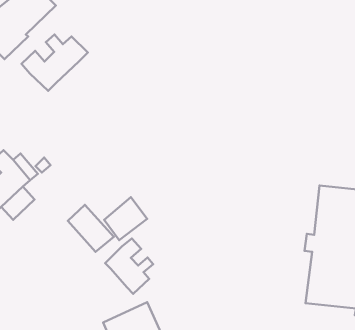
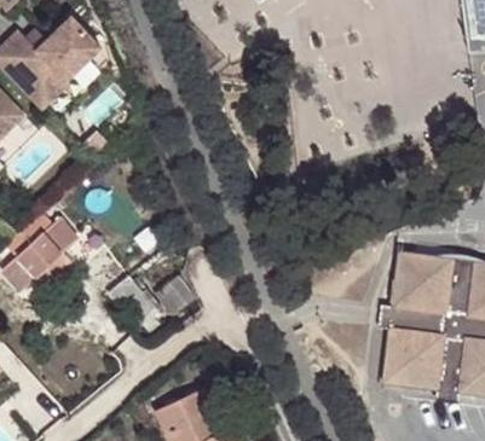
building: [21,34,88,91] -> none
building: [105,238,153,294] -> none

